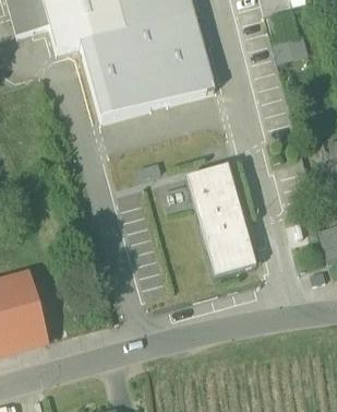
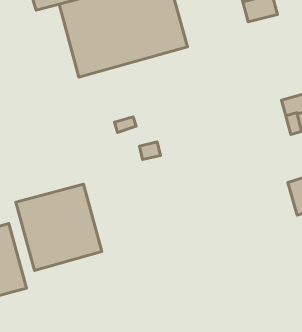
building: [185,164,255,276] -> none
building: none -> [16,184,102,271]

